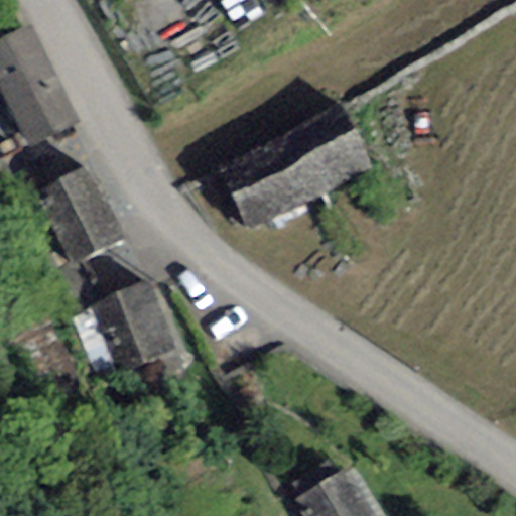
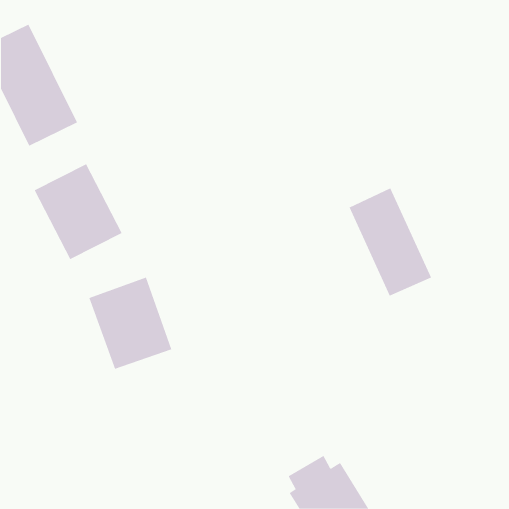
building: [218,111,371,229] -> none
building: none -> [349,187,432,297]

